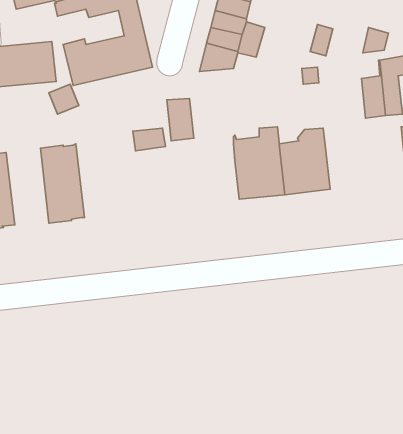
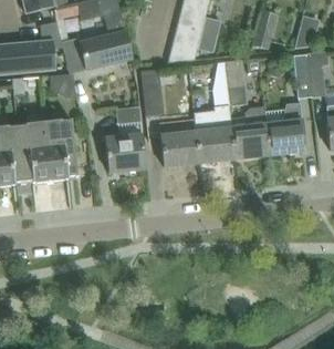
building: none -> [223,60,248,117]
building: none -> [267,103,306,154]
building: none -> [18,122,51,182]
building: none -> [160,132,199,166]
building: none -> [105,134,146,172]

